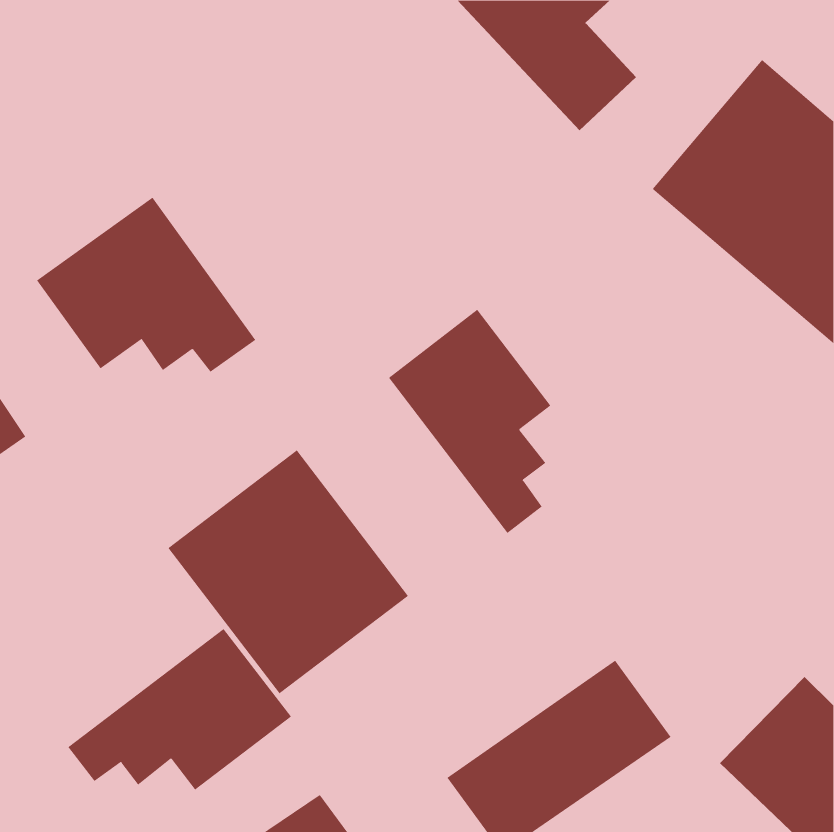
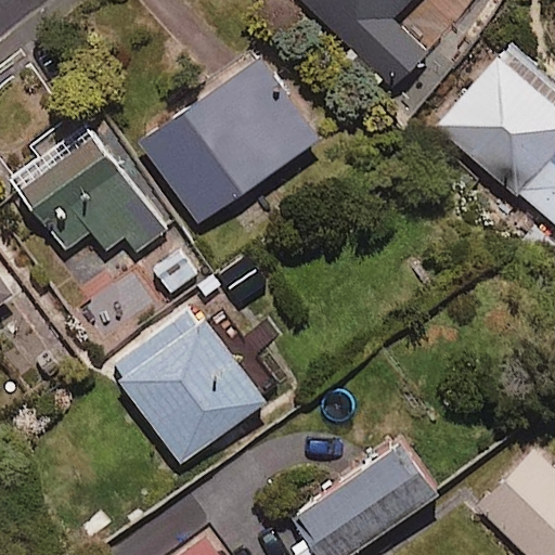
building: none -> [141,52,324,223]
building: [388,309,551,534] -> none
building: [68,628,292,791] -> none

